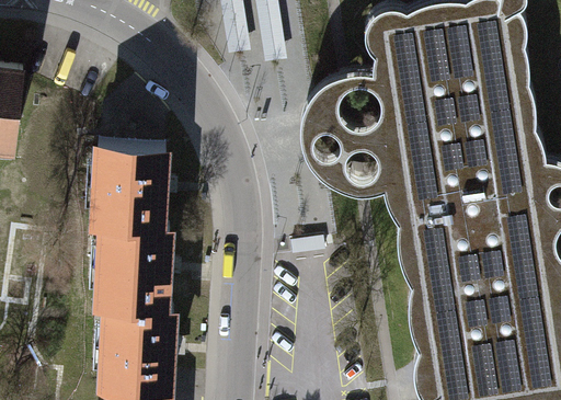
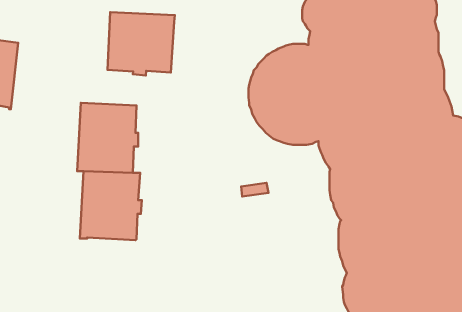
building: none -> [107,12,175,76]
building: [102,298,176,384] -> none

